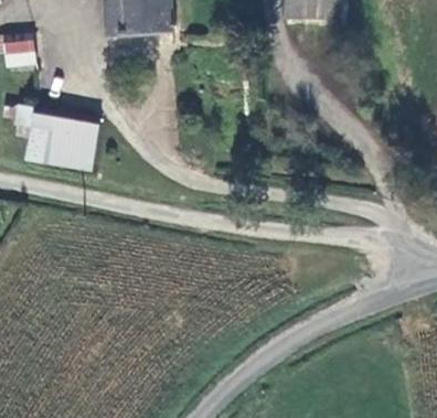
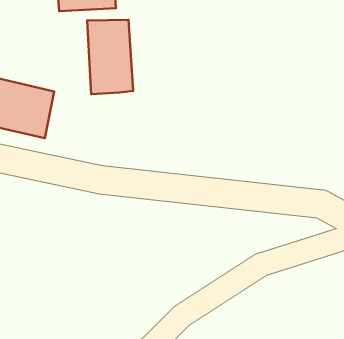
building: none -> [87,20,133,94]

